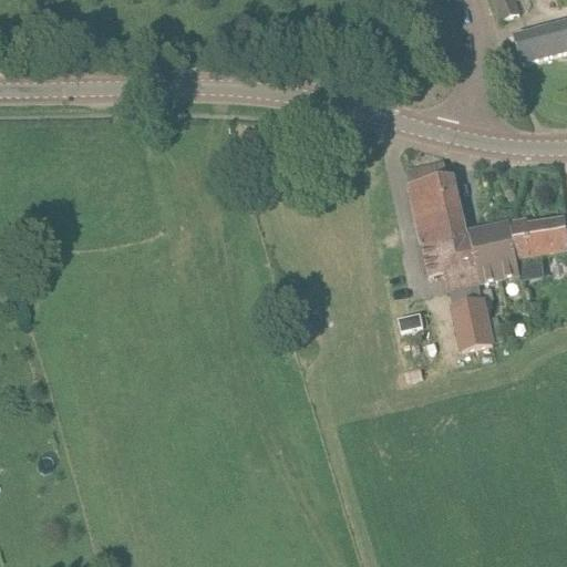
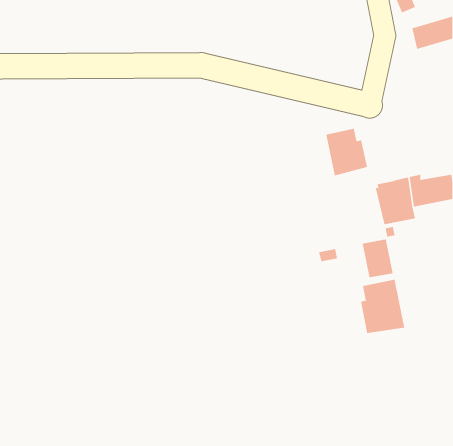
building: [417,209,480,288] -> none
building: none -> [360,279,405,334]

